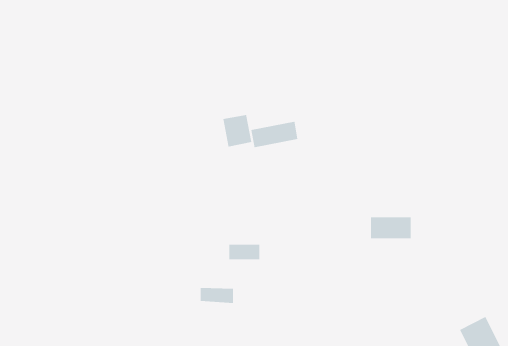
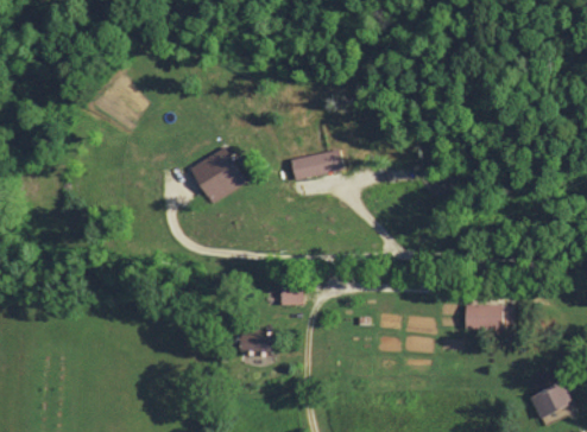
building: [223,115,252,147] -> [198,158,232,195]
building: [370,217,412,239] -> [466,305,512,330]

